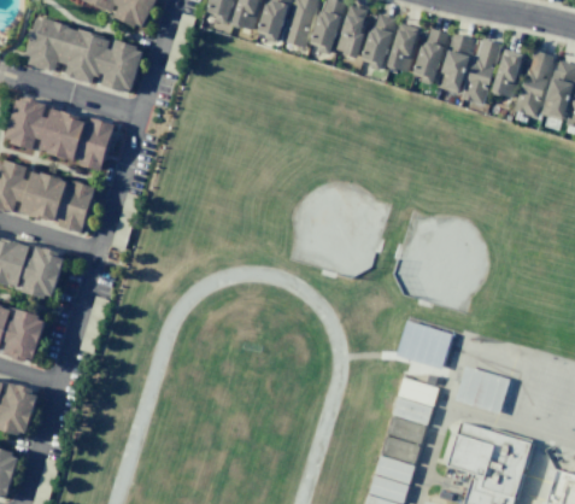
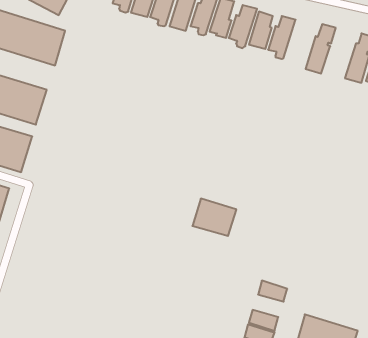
building: [436,35,474,94] -> none
building: [491,49,523,99] -> none
building: [395,321,453,370] -> [192,199,236,236]
building: [453,367,509,415] -> none
building: [393,398,432,426] -> none

